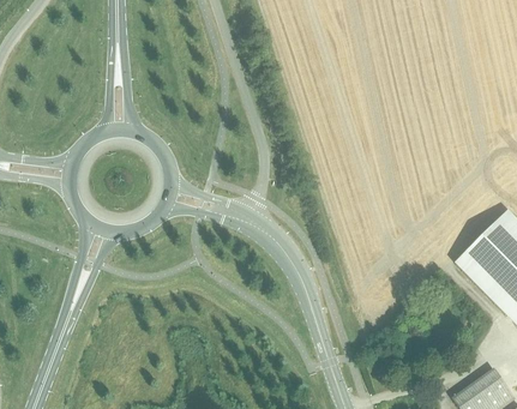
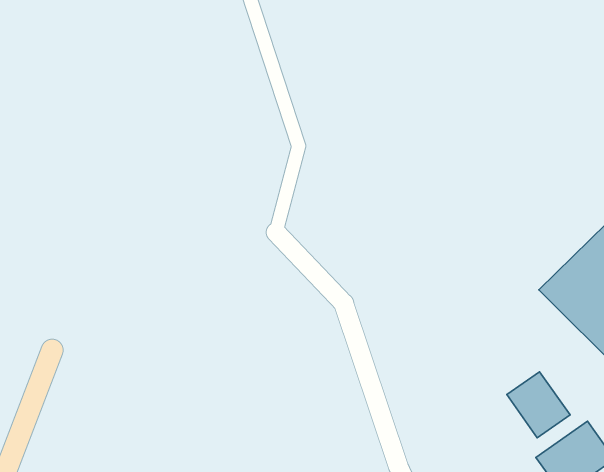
building: none -> [507,372,570,438]

